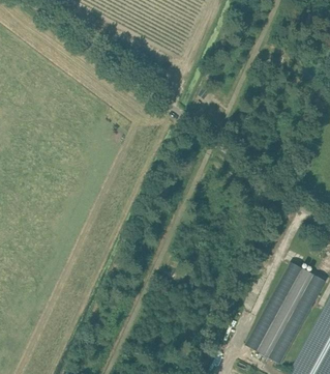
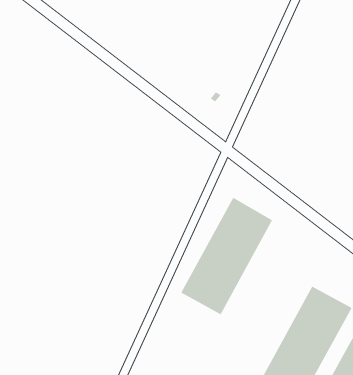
building: none -> [181,197,273,315]

